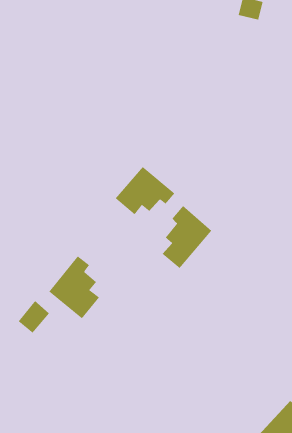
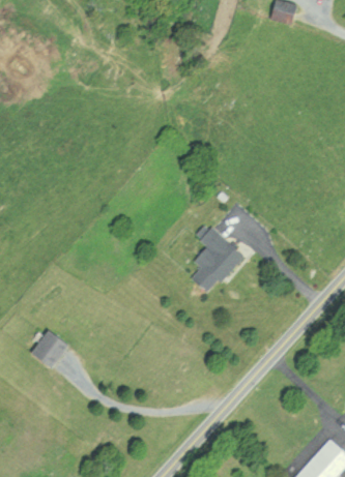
building: [115,166,175,215] -> none
building: [49,255,100,319] -> none

